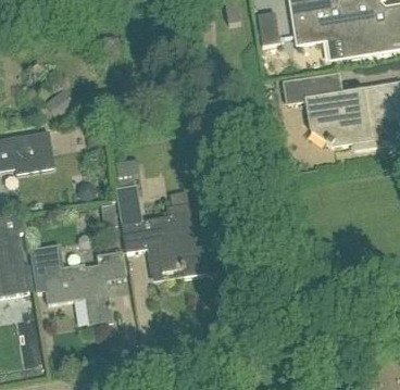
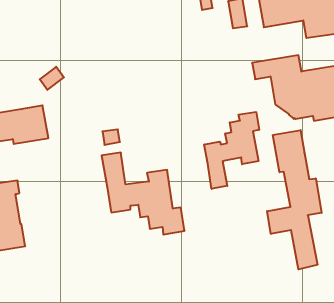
building: none -> [204,112,259,189]
building: none -> [267,130,322,269]
building: [30,244,126,324] -> none

